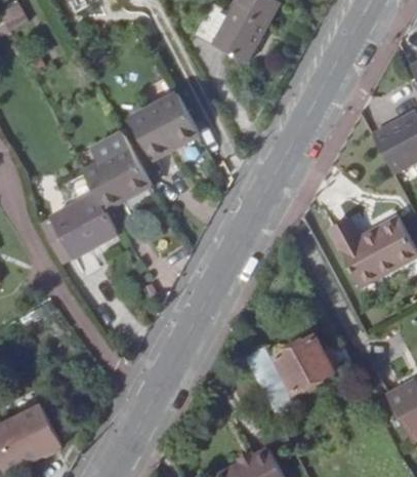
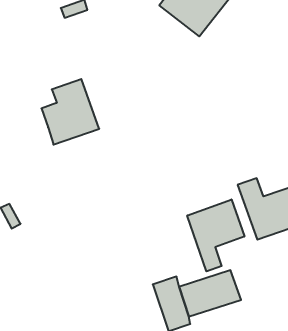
building: [131,100,201,166] -> none
building: [51,195,118,263] -> none
building: none -> [187,199,244,271]

